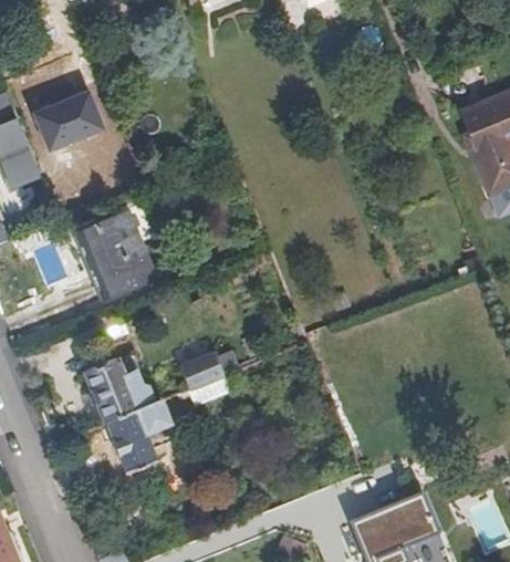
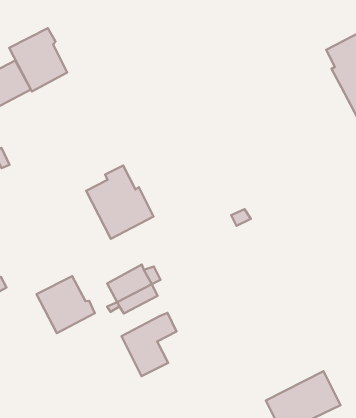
building: none -> [9,28,67,91]
building: [76,212,154,299] -> [86,165,154,239]
building: [108,398,175,471] -> [121,313,177,376]

